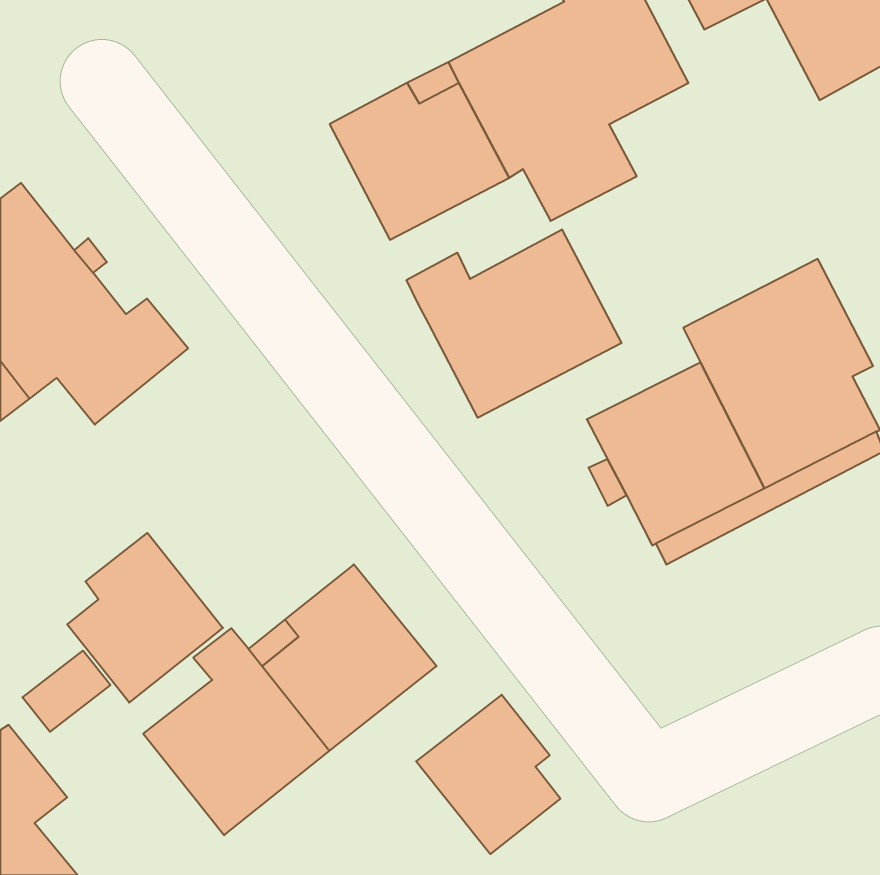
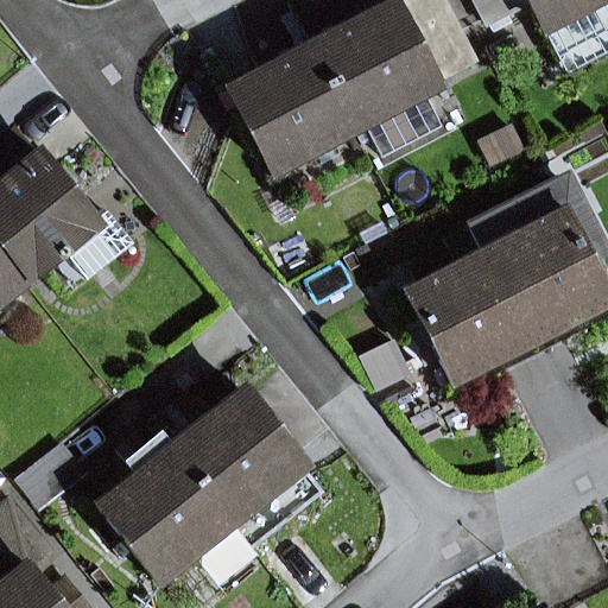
building: [407,229,621,418] -> none
building: [67,533,223,703] -> none
building: [416,695,560,854] -> none

